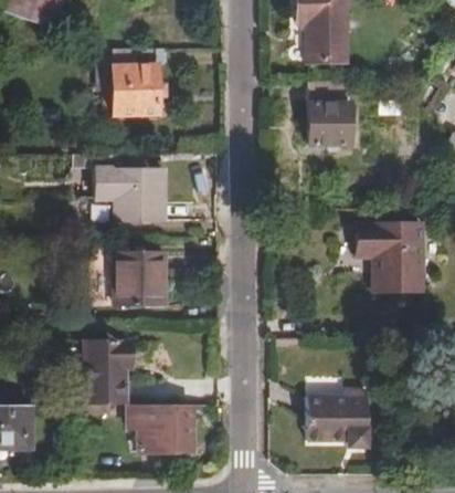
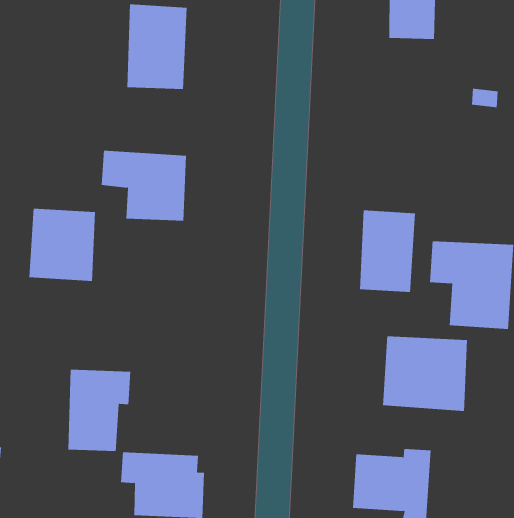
building: [311,82,353,145] -> [359,210,416,293]
building: [114,250,165,305] -> [29,208,96,282]
building: none -> [383,335,468,412]

